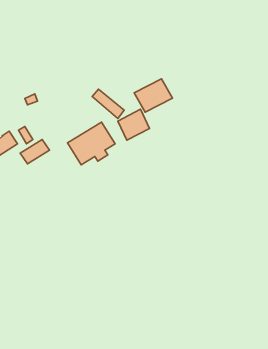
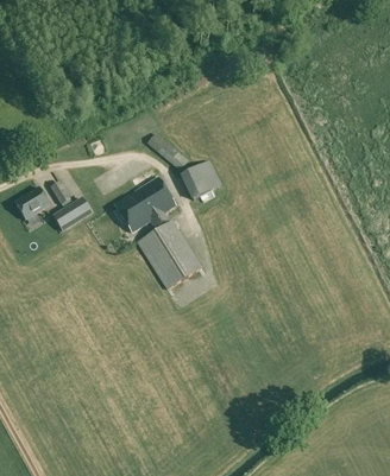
building: [134,79,172,112] -> none
building: none -> [137,218,201,288]

